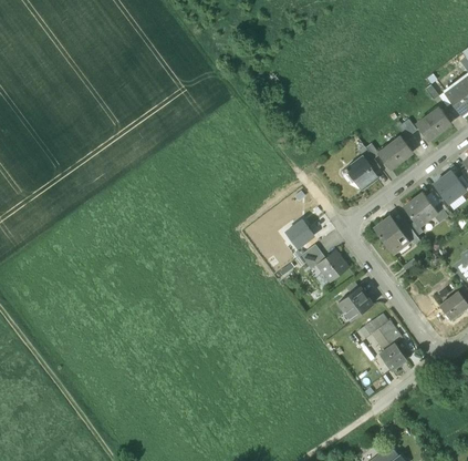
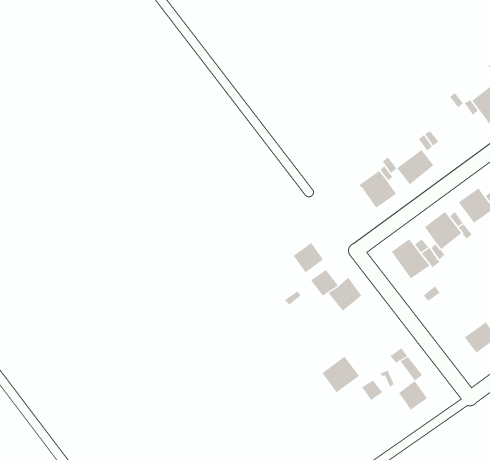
building: [416,107,450,140] -> none
building: [337,287,372,320] -> [321,356,360,393]

